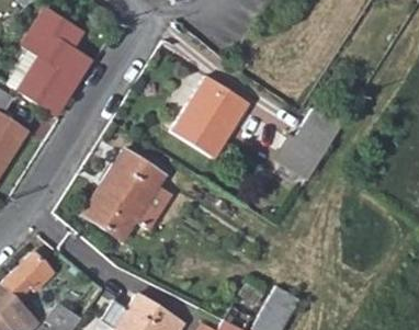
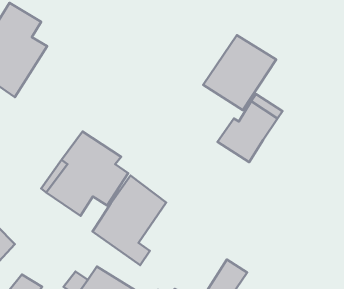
building: [170,77,249,158] -> [203,35,276,110]
building: none -> [93,176,166,265]

